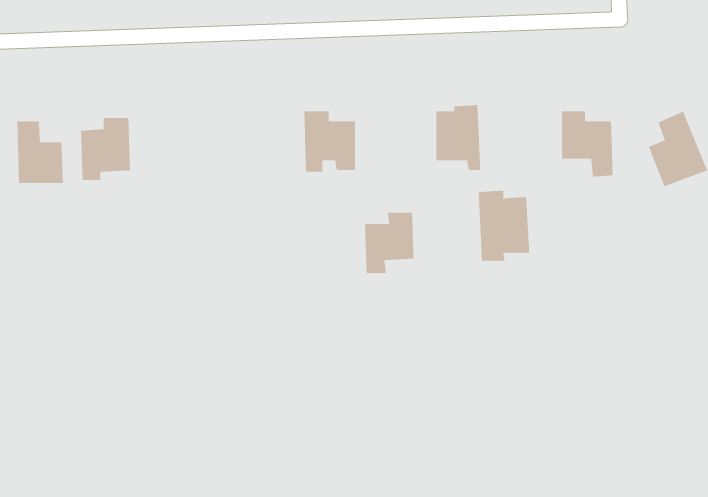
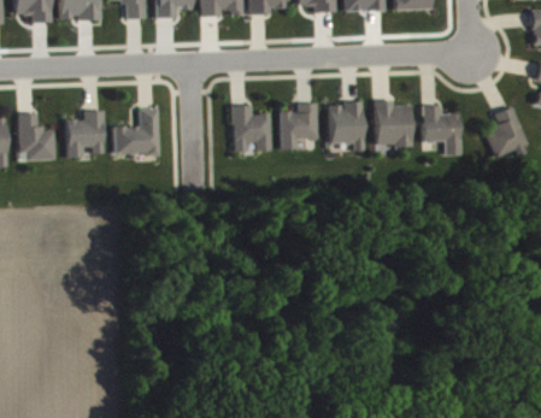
building: none -> [114,108,159,155]
building: [478,190,530,262] -> [374,100,412,153]
building: [364,212,415,274] -> [280,104,317,149]

